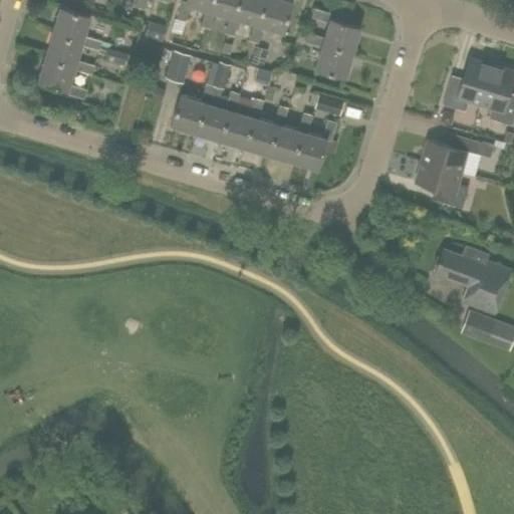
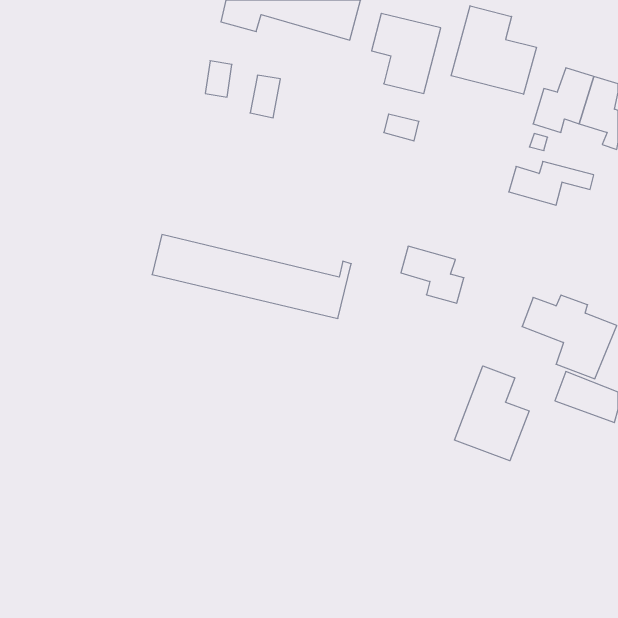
building: none -> [451,6,536,94]
building: [41,8,93,93] -> none
building: [173,98,337,168] -> [152,235,351,318]
building: [415,161,467,208] -> [401,246,464,303]
building: none -> [454,366,529,461]

